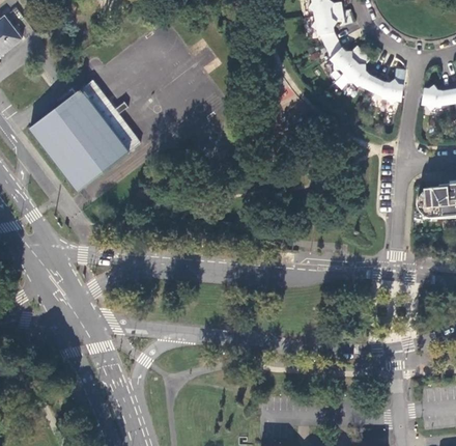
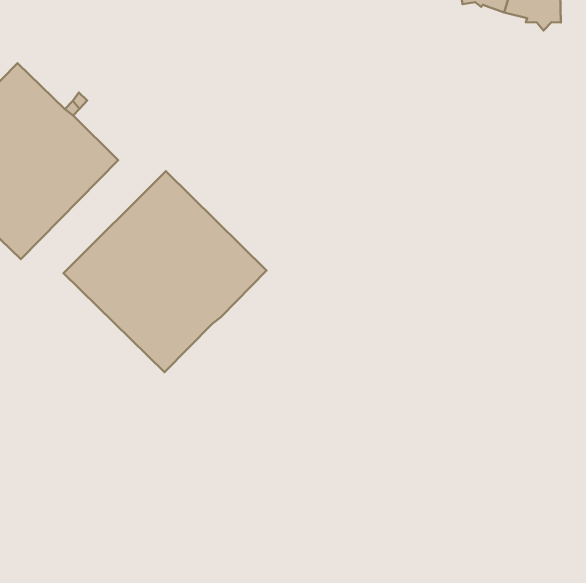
building: none -> [64,171,267,372]

